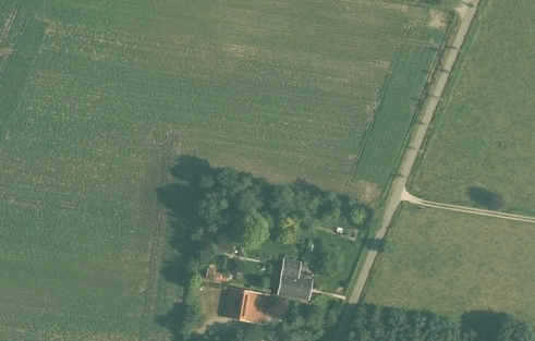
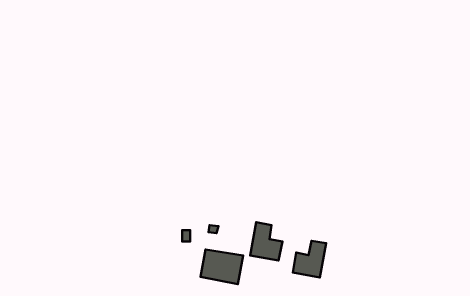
building: none -> [293,241,326,278]

